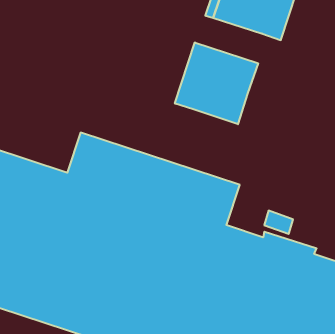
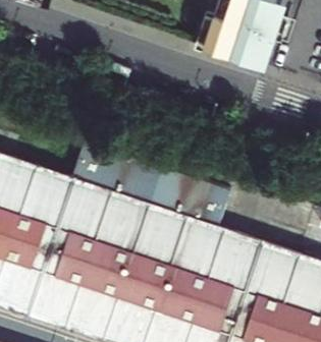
building: [175,42,258,124] -> none

